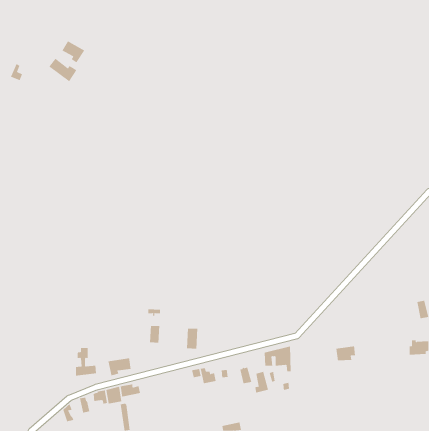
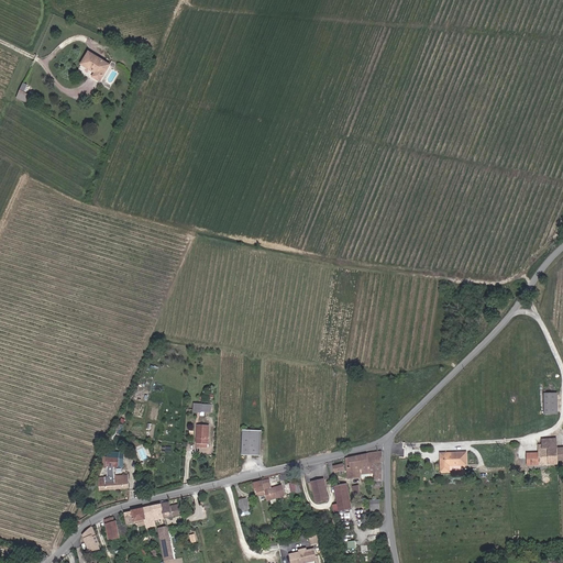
building: [49,58,77,82] -> none
building: [108,358,131,376] -> none

